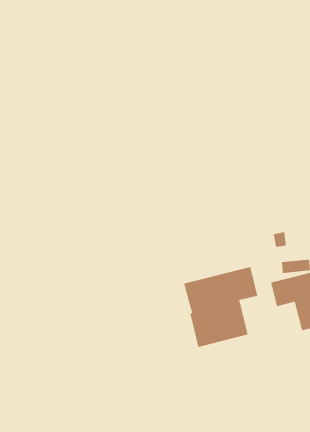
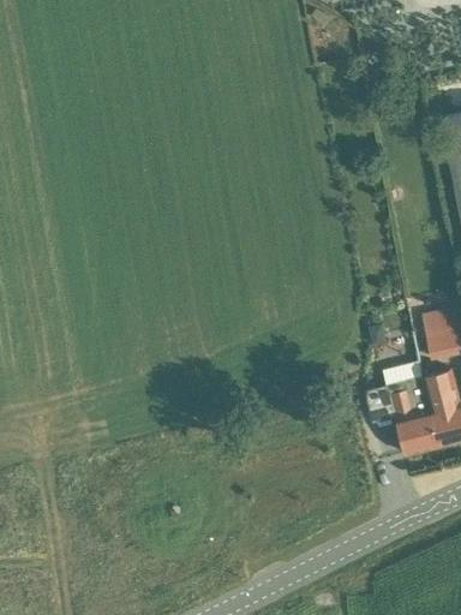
building: [183,266,258,348] -> none

